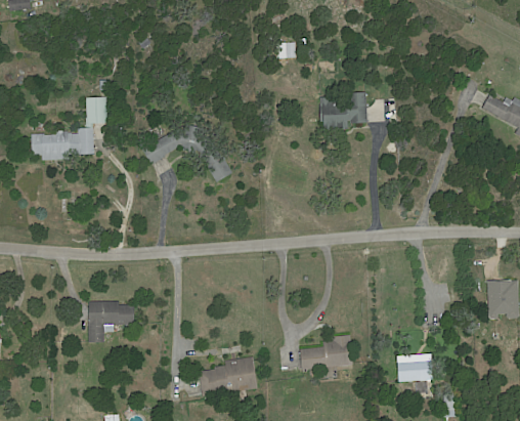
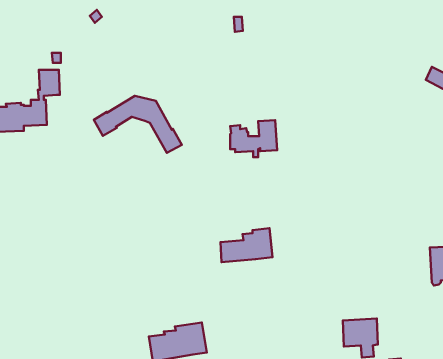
building: [319,92,367,130] -> [230,120,277,157]
building: [88,302,134,343] -> none
building: [300,334,353,369] -> [220,228,272,262]

